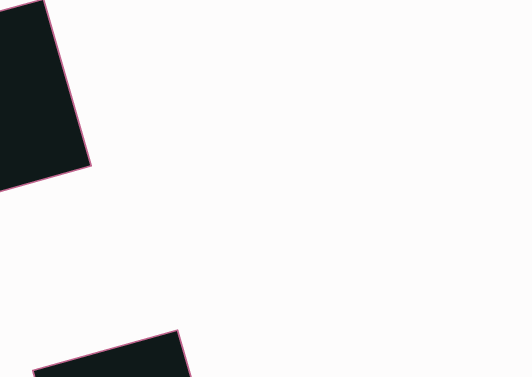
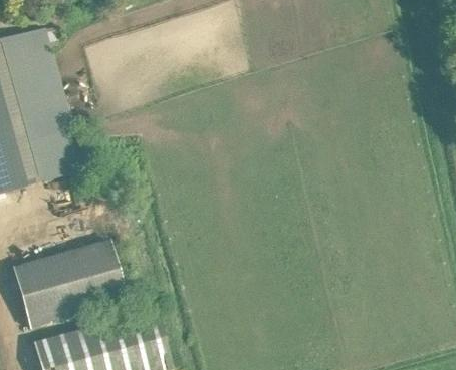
building: none -> [12,240,127,331]

